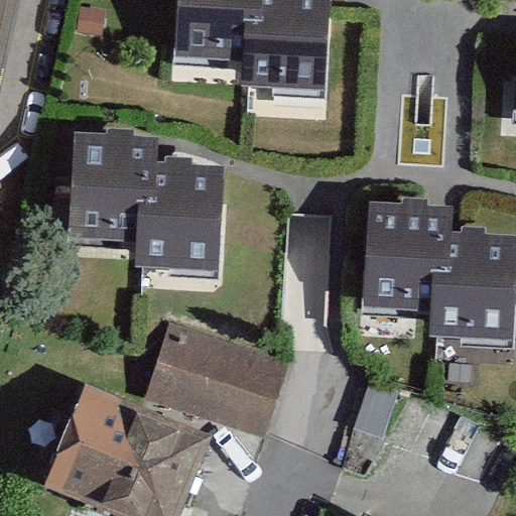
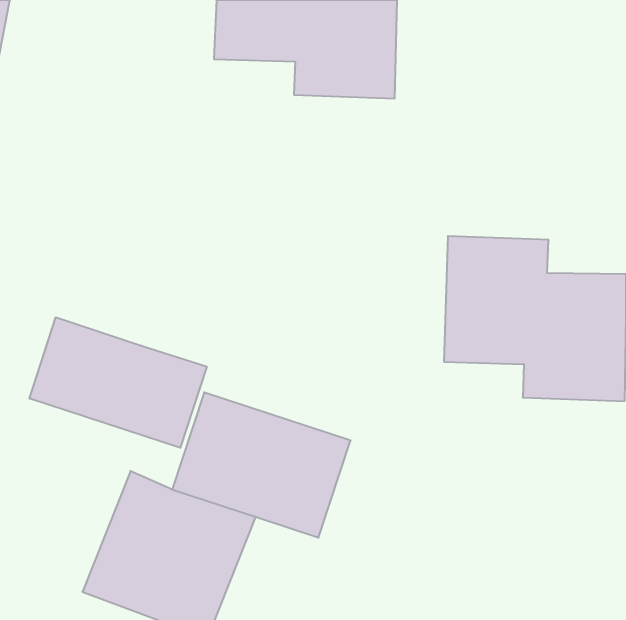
building: [70,133,221,267] -> none
building: none -> [29,317,207,448]

